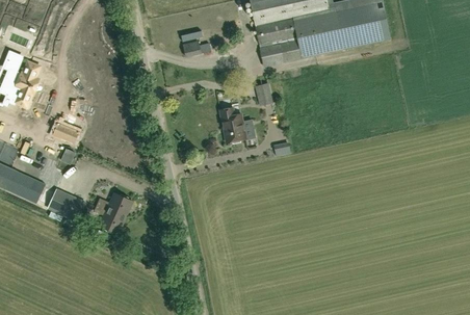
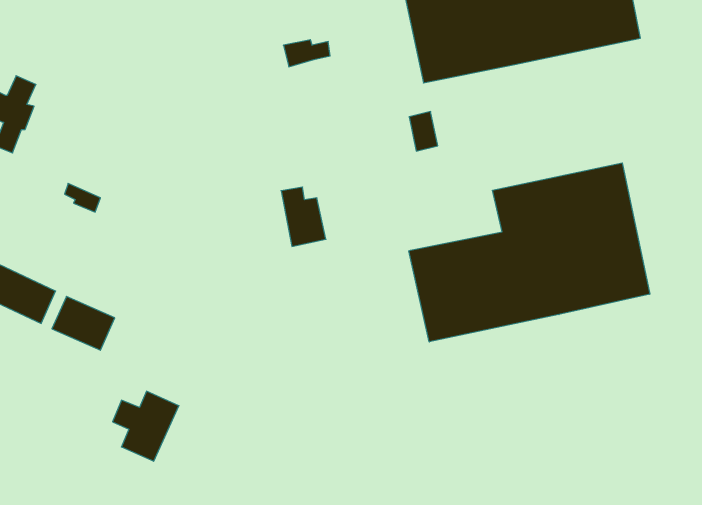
building: [219,107,245,141] -> [281,187,326,246]
building: none -> [409,163,650,342]
building: [94,192,132,233] -> [113,391,179,461]

